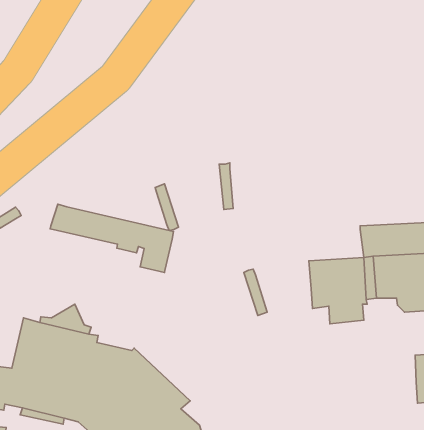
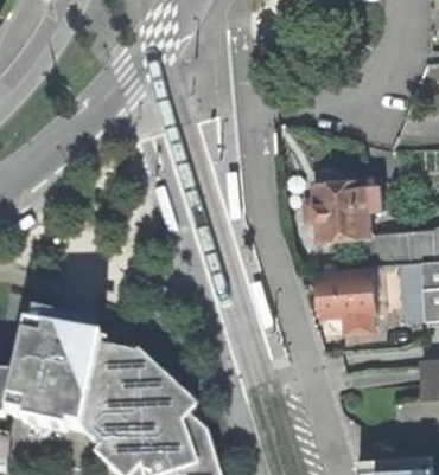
building: none -> [314,179,378,240]
building: [50,204,173,273] -> none

